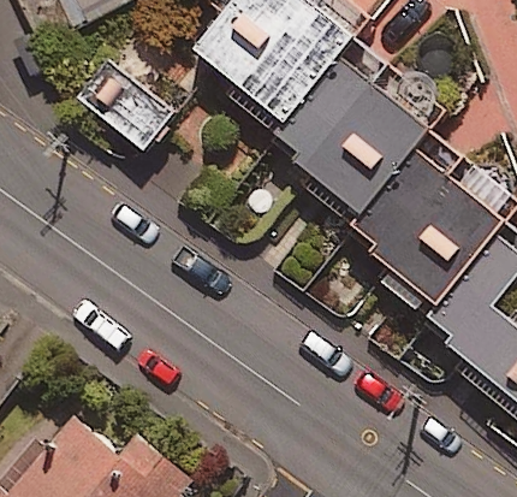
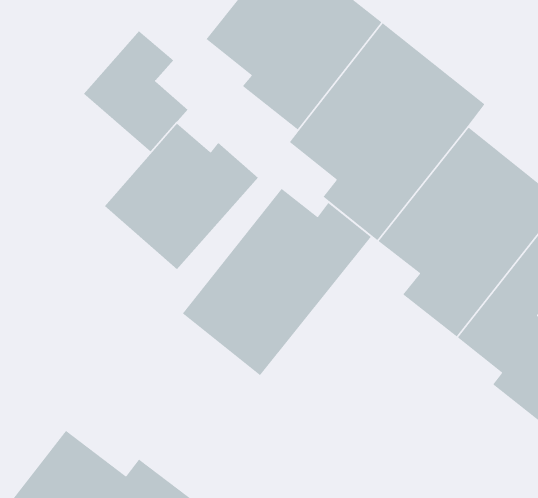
building: none -> [104,123,259,270]
building: none -> [182,188,372,376]

